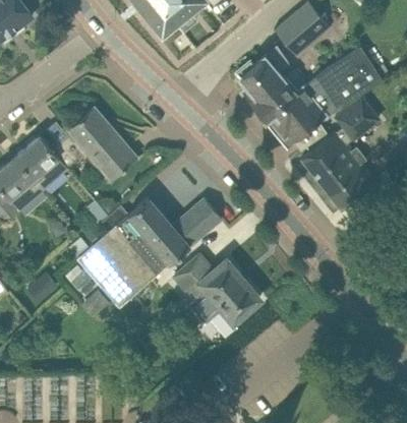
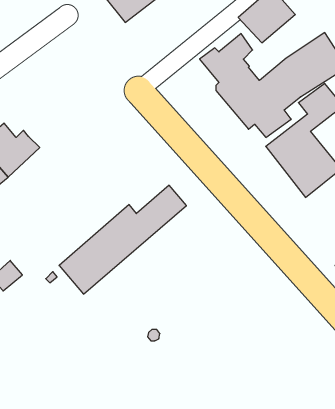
building: [59,107,138,181] -> none
building: [77,198,165,279] -> none
building: [174,254,260,323] -> none

